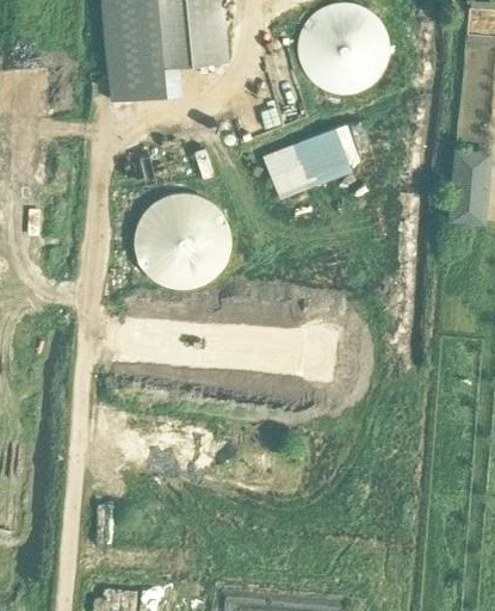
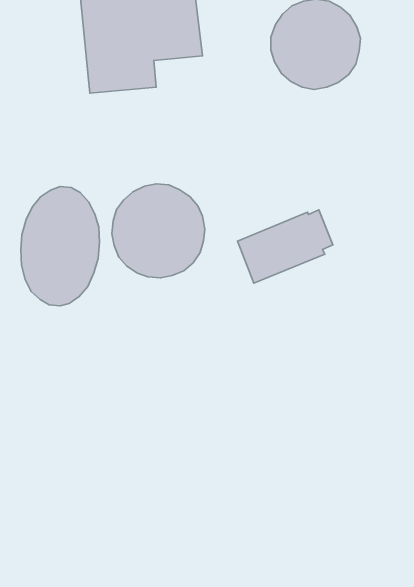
building: [264,124,361,199] -> [238,210,333,283]
building: none -> [21,186,100,306]

